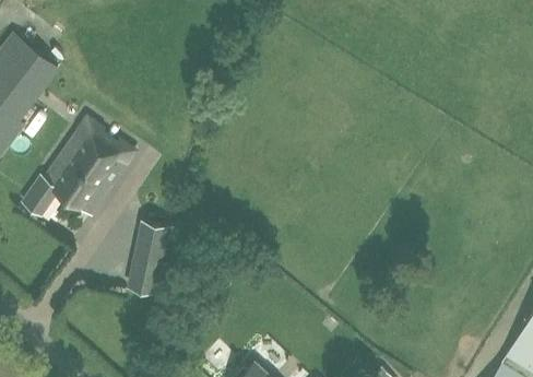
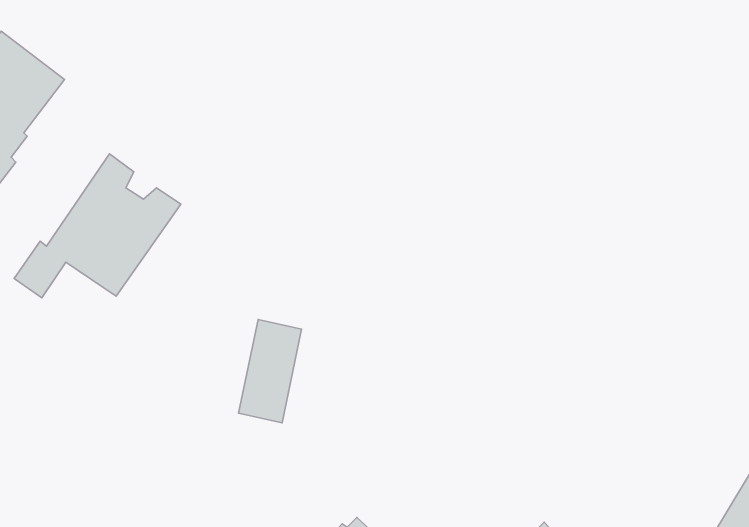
building: [129,222,171,292] -> [239,320,302,423]

